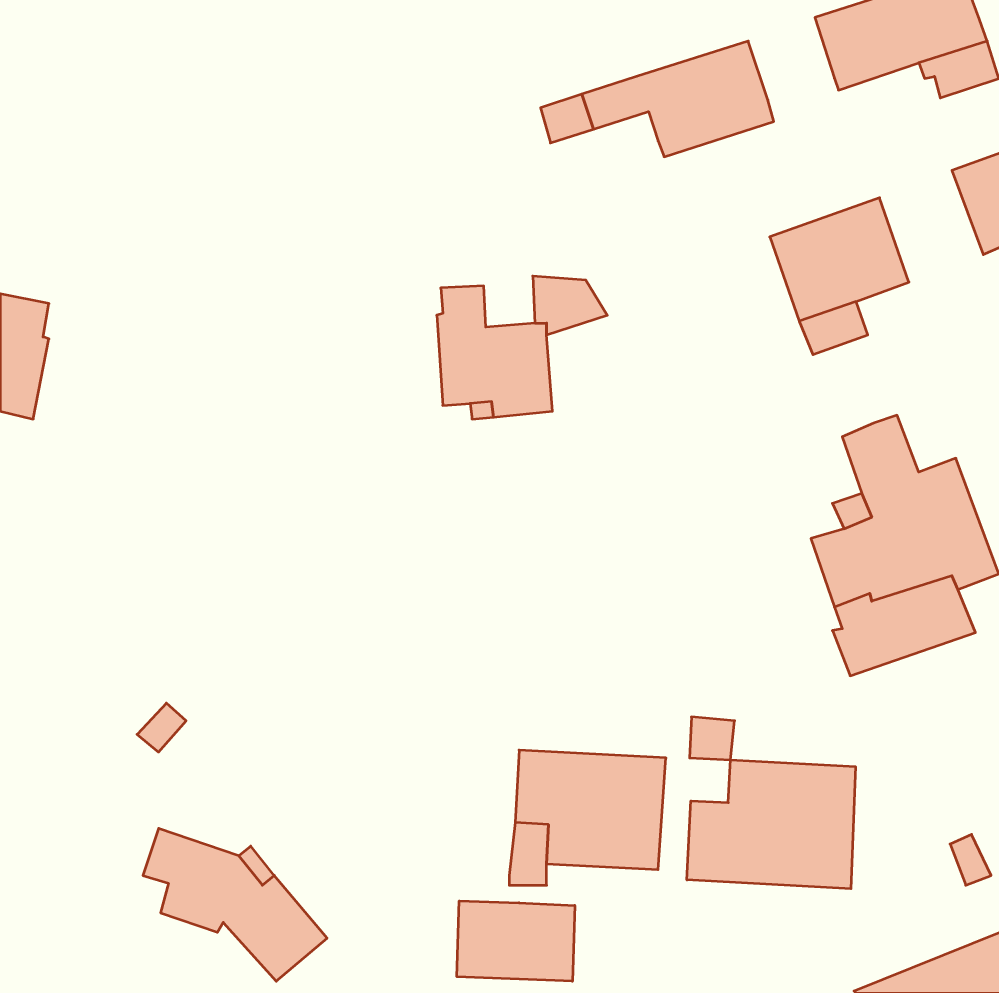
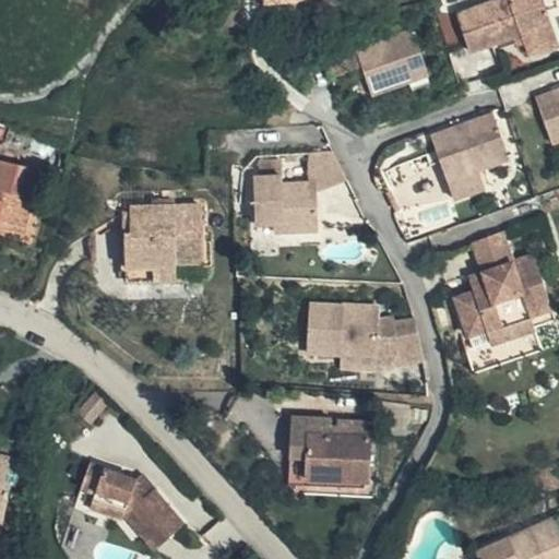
building: none -> [119,204,199,281]
building: none -> [307,307,426,365]
building: [687,760,855,889] -> none
building: [457,901,575,981] -> none

